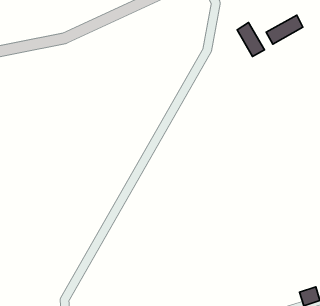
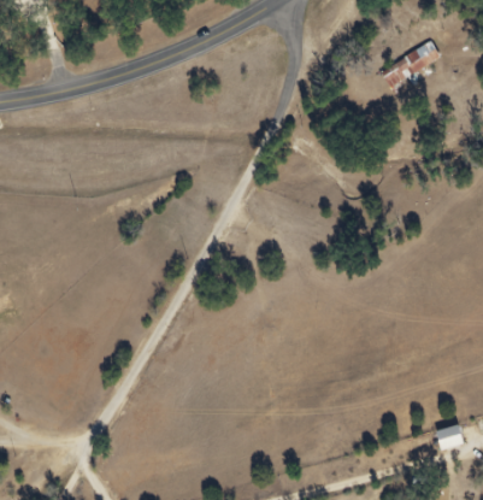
building: [237,23,264,57] -> none

